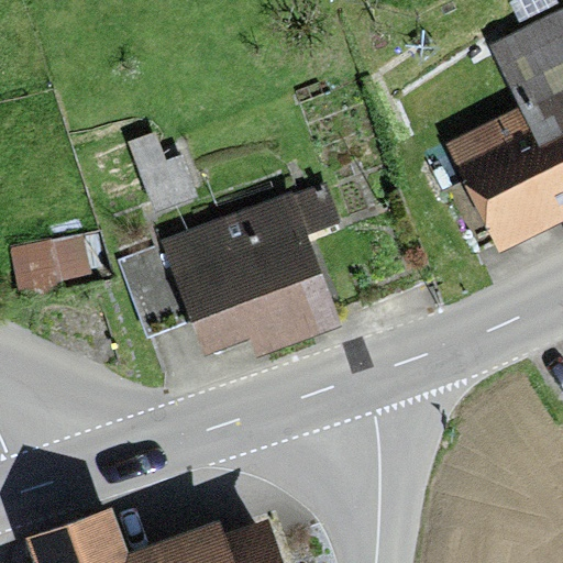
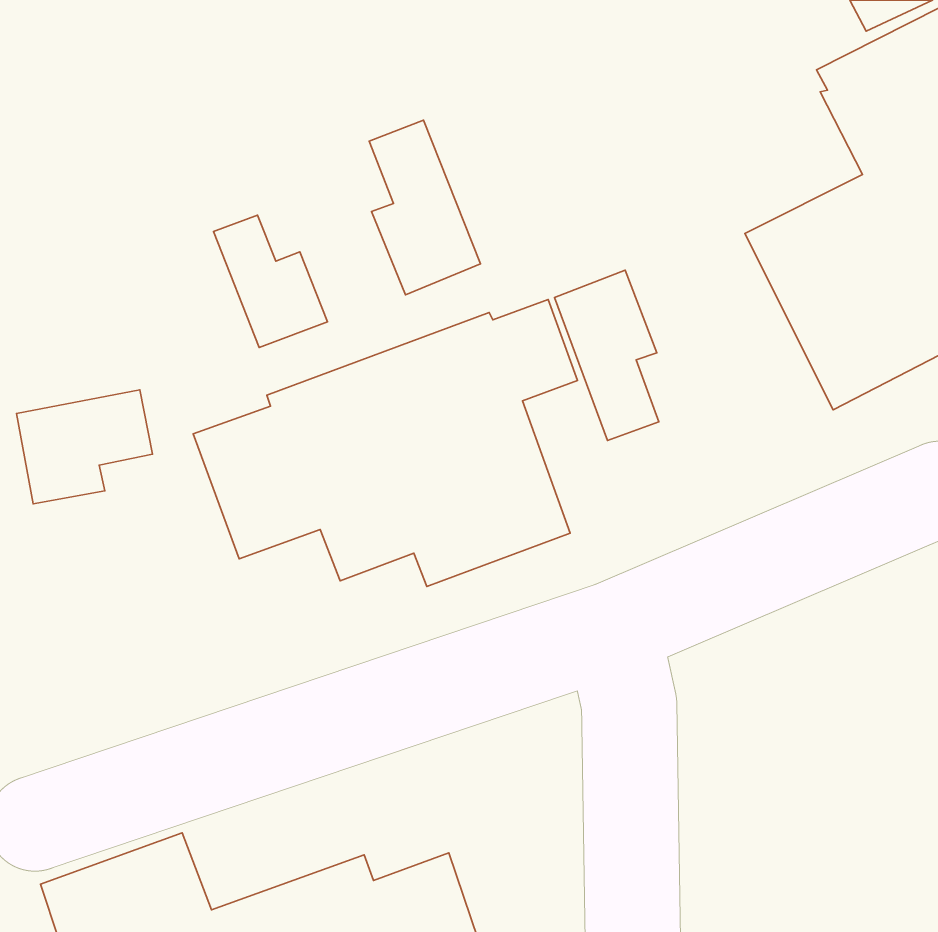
building: none -> [369,120,480,295]
building: none -> [554,270,659,440]

